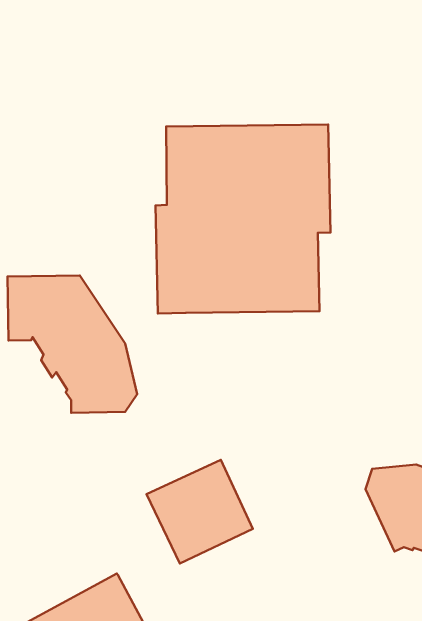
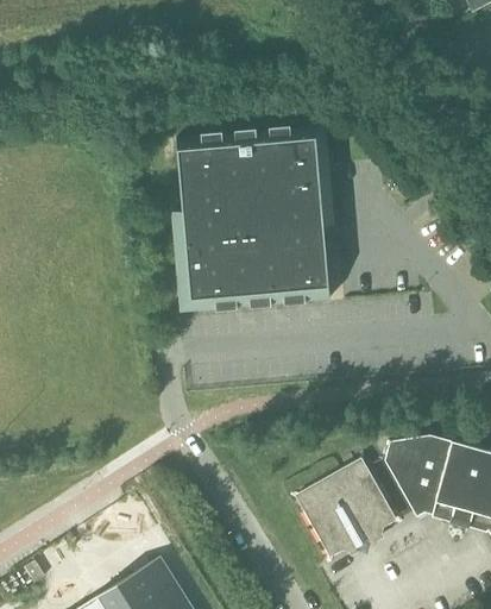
building: [7,275,137,413] -> none
building: [146,460,253,563] -> [295,458,396,557]

